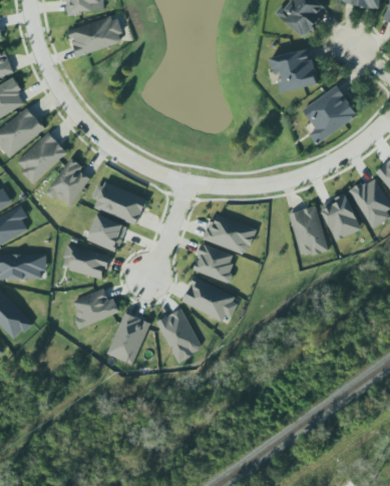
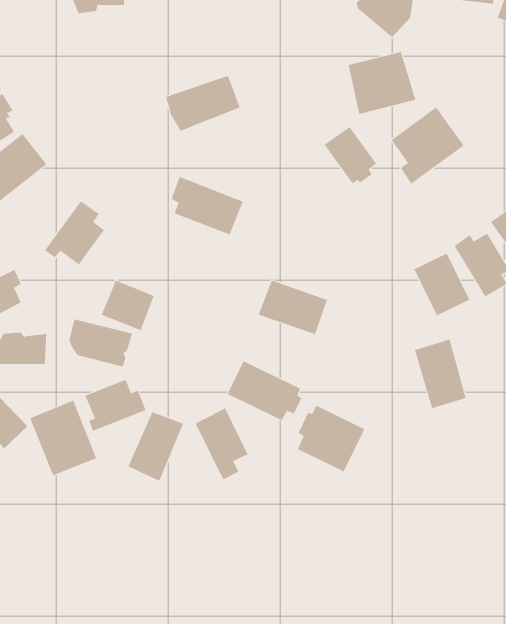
building: [69,14,125,56] -> [165,75,240,132]
building: none -> [324,126,377,184]
building: [17,130,68,183] -> none
building: [92,181,146,225] -> [171,176,244,235]
building: [289,206,328,259] -> [414,339,466,409]
building: [192,242,233,282] -> none
building: none -> [30,400,97,476]
building: none -> [297,405,365,472]

